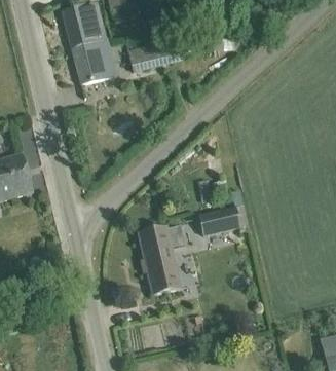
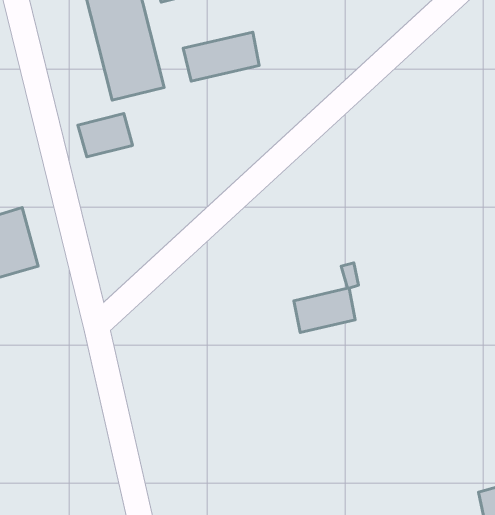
building: none -> [78,114,132,157]
building: [141,224,192,294] -> none

